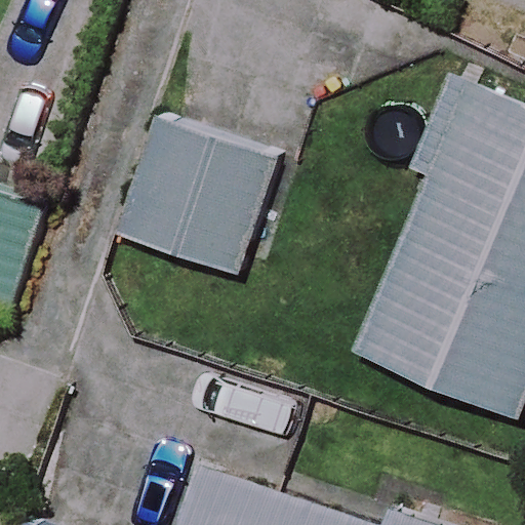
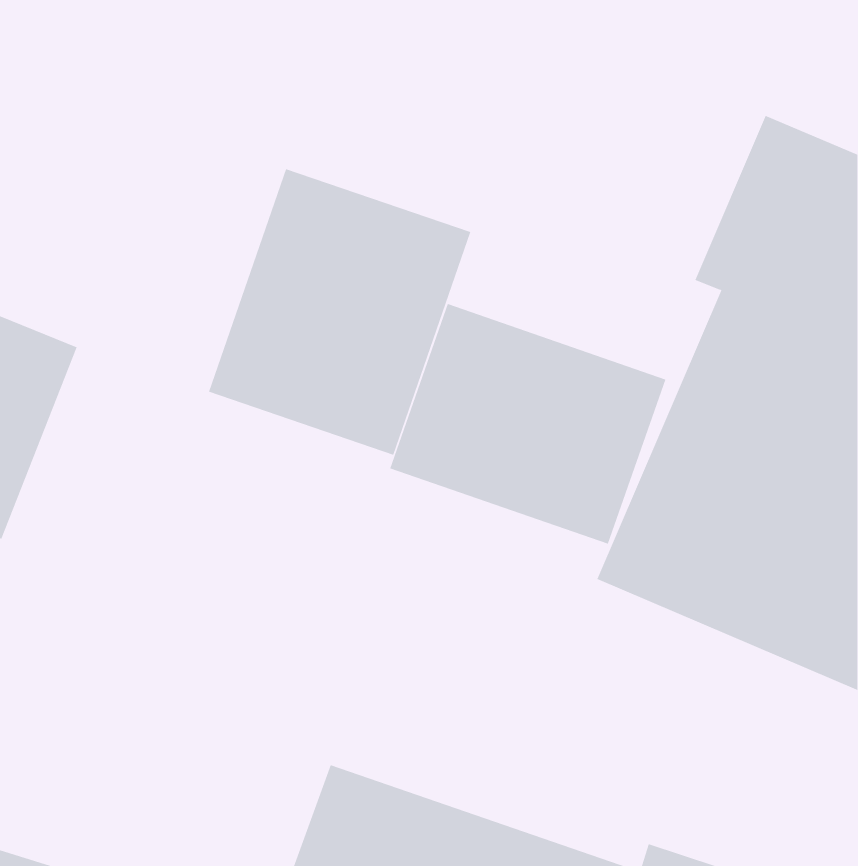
building: none -> [389,303,666,544]

